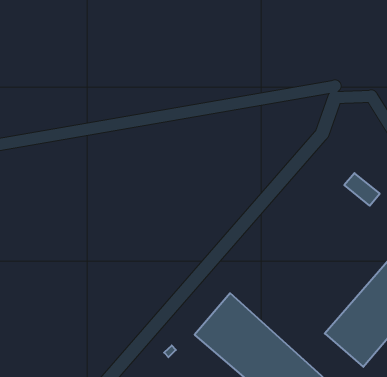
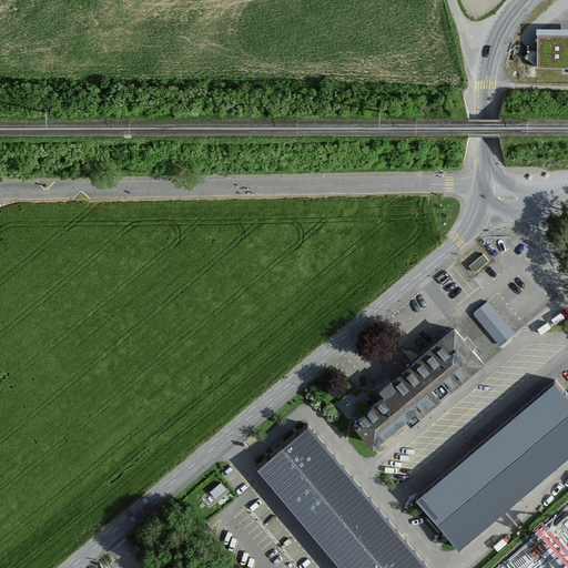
building: none -> [354,332,483,445]

